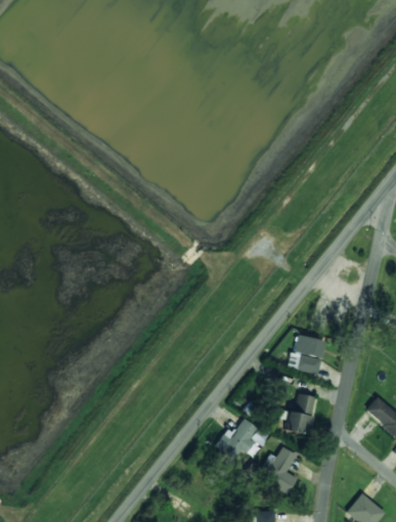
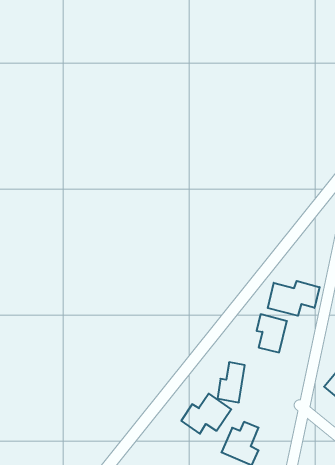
building: none -> [268,281,320,316]
building: [285,393,314,435] -> [217,362,245,402]

